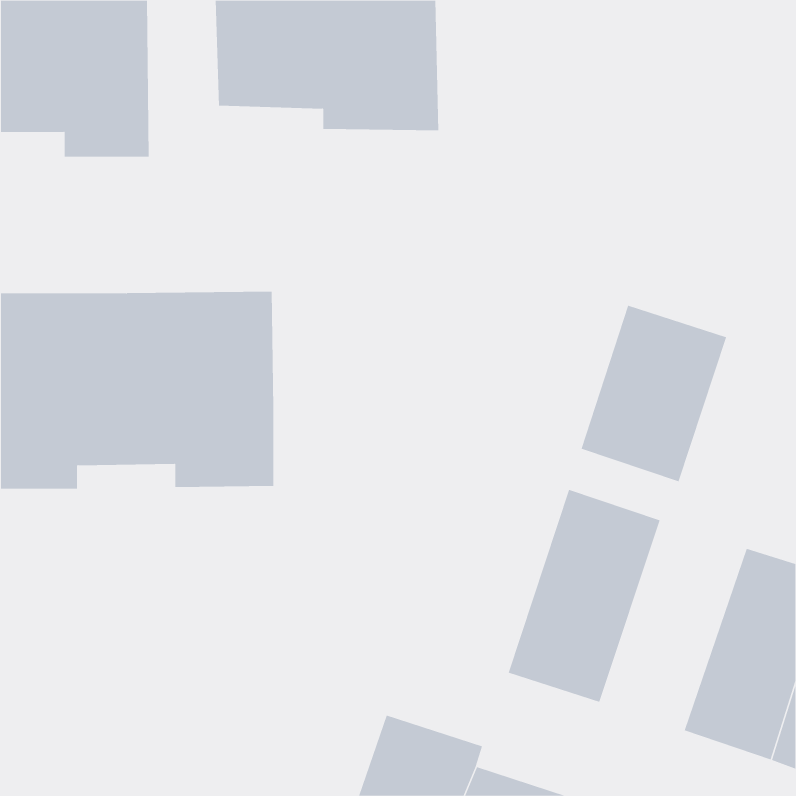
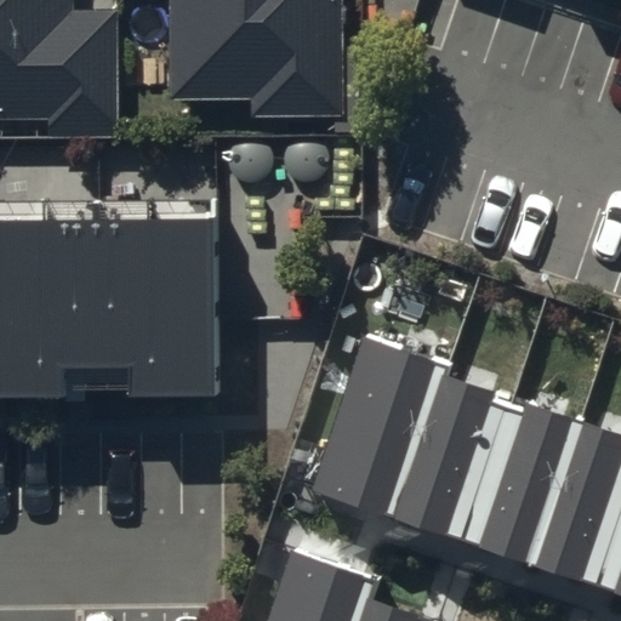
building: [581,305,727,482] -> none
building: none -> [320,341,449,524]
building: none -> [467,405,581,569]

